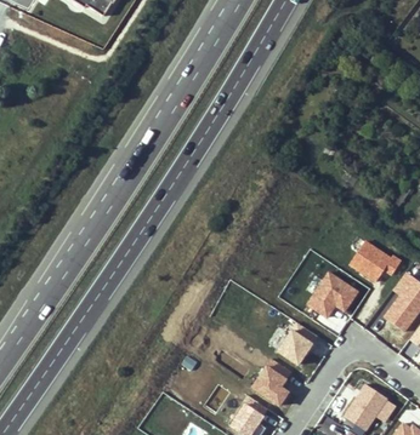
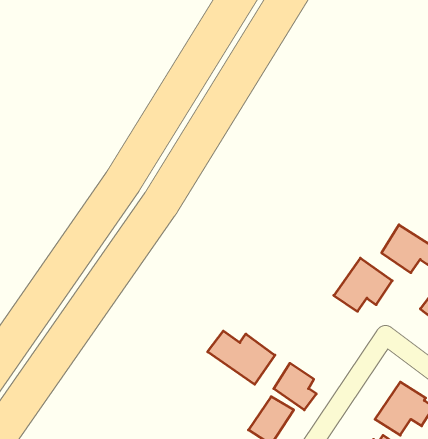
building: [276,320,319,366] -> none
building: none -> [208,331,275,384]

